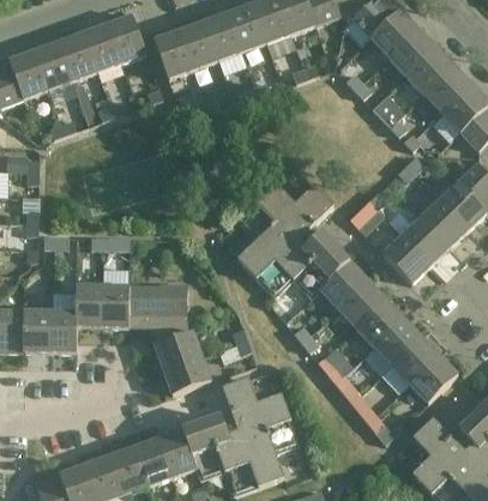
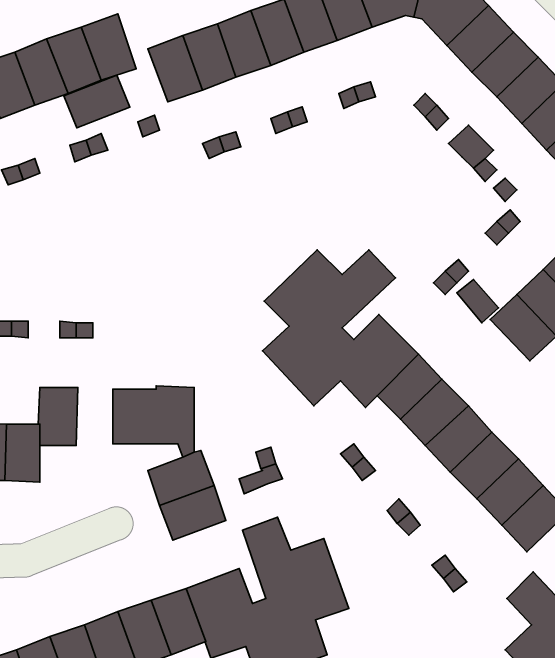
building: none -> [64,75,130,128]
building: [381,235,429,283] -> none
building: [102,284,128,326] -> none

